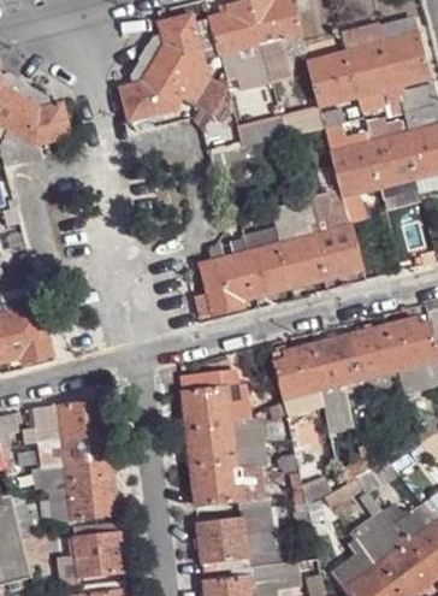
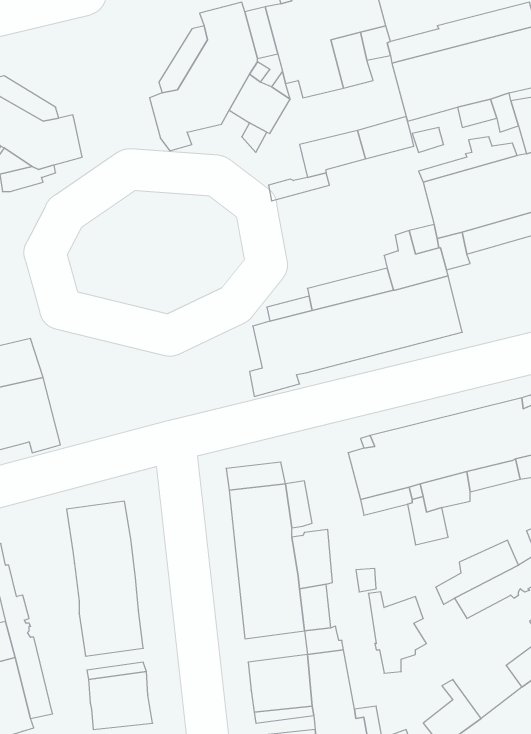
building: [13,402,71,520] -> none
building: [350,509,407,567] -> none

